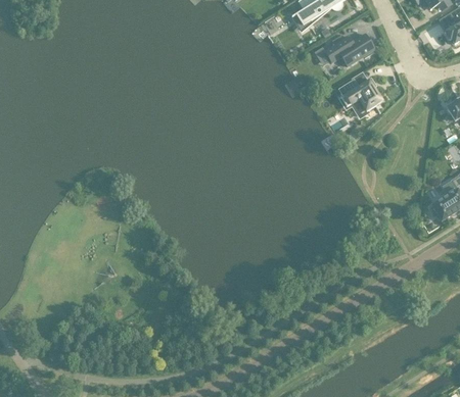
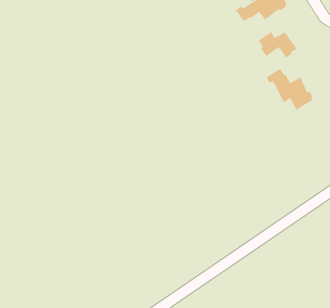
building: none -> [266,68,313,111]

